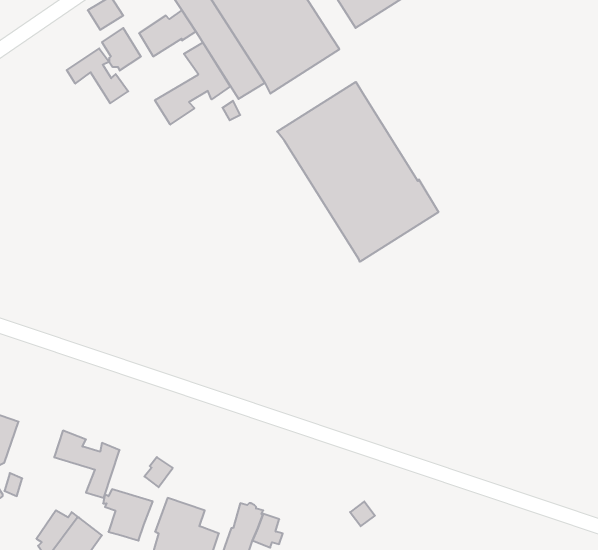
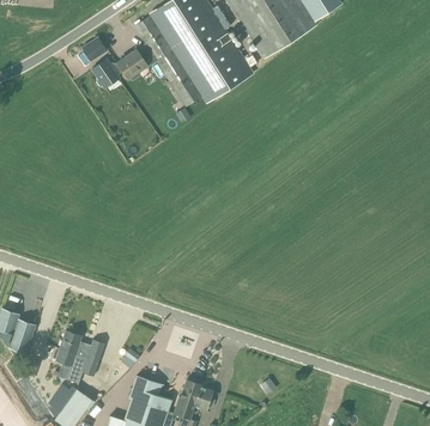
building: [155,43,230,125] -> none
building: [67,48,128,103] -> none
building: [277,82,438,262] -> none
building: [103,489,153,541] -> [54,348,87,383]

